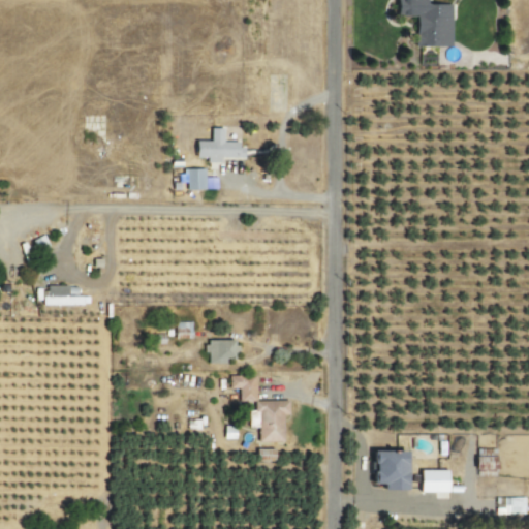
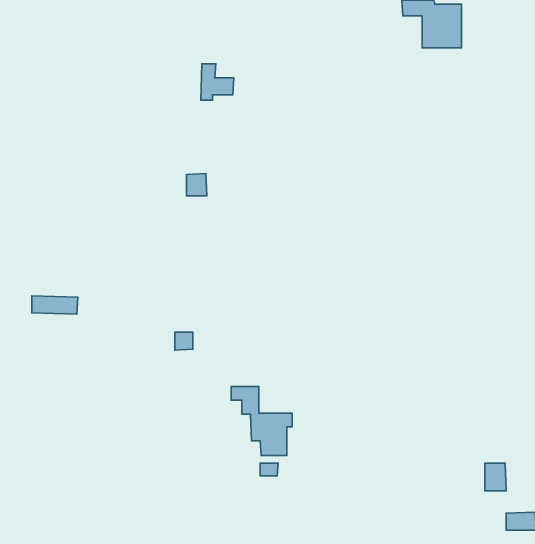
building: [214,128,246,163] -> [201,64,234,100]
building: [211,340,242,364] -> none
building: [374,450,410,490] -> none
building: [423,471,450,493] -> none

